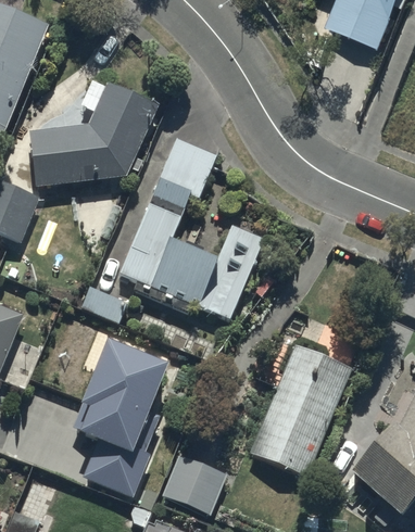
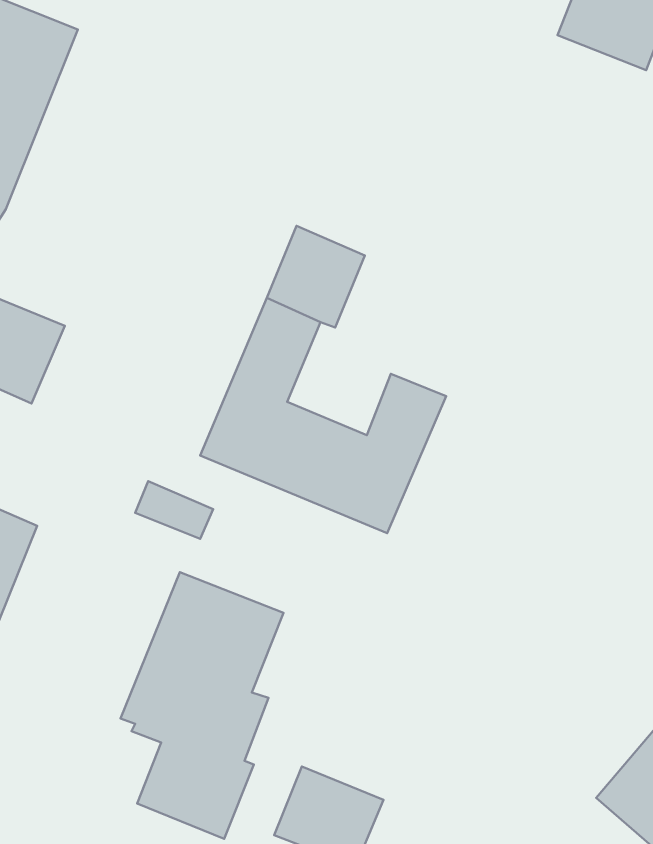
building: [29,83,158,186] -> none
building: [249,344,352,476] -> none

